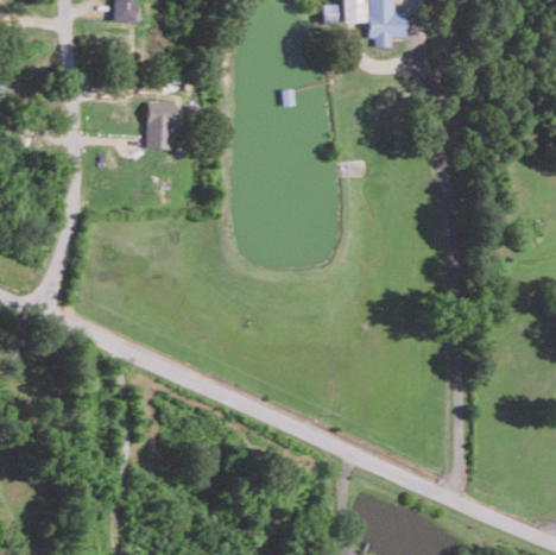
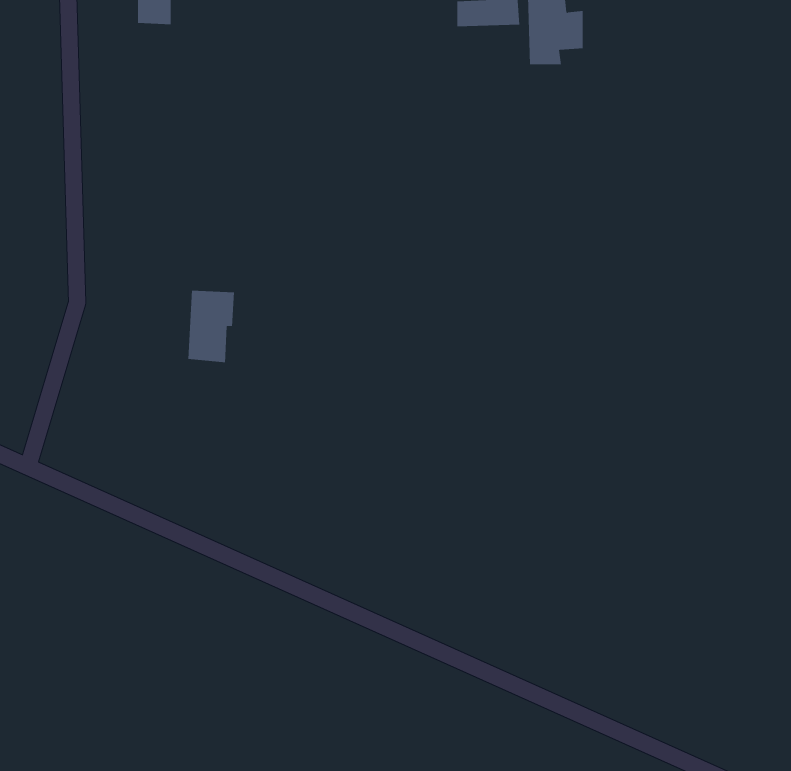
building: [147,101,178,149] -> [188,290,235,363]

